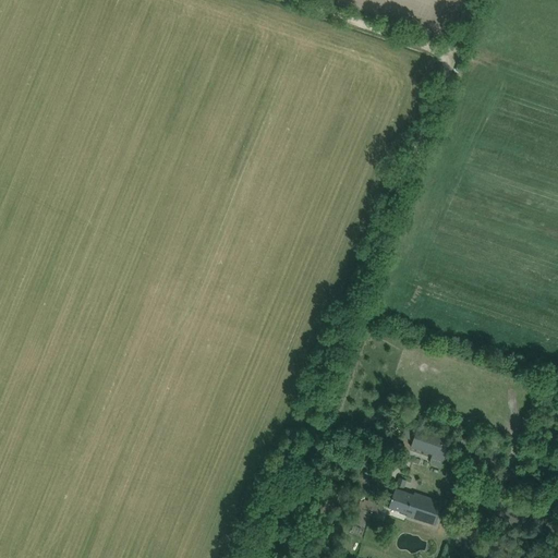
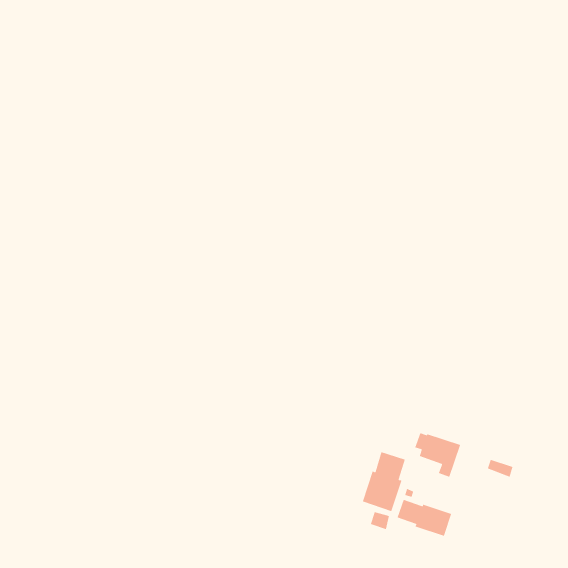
building: none -> [362,451,406,512]

